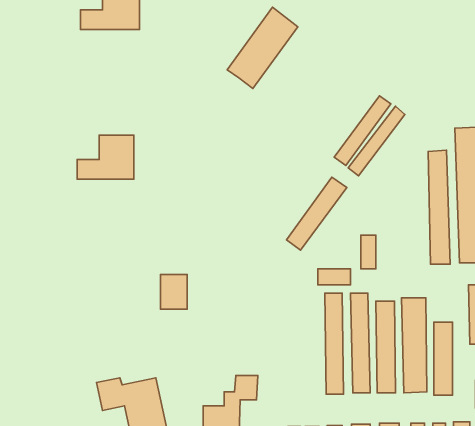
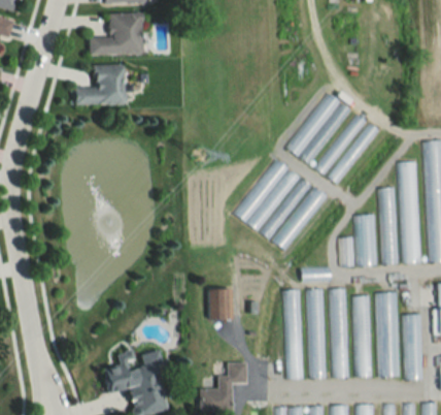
building: [227,7,298,88] -> [287,93,350,165]
building: [77,135,134,179] -> [75,65,126,104]
building: none -> [235,159,310,240]
building: none -> [379,188,396,264]
building: none -> [355,215,375,266]
building: [161,274,187,309] -> [208,289,232,320]
building: none -> [283,290,302,379]

